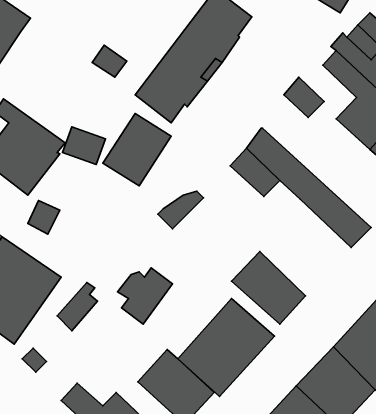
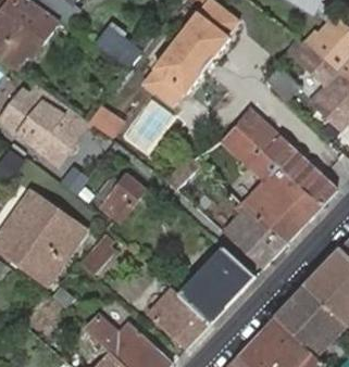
building: none -> [241,166,320,244]
building: [118,268,173,324] -> [98,174,142,219]

